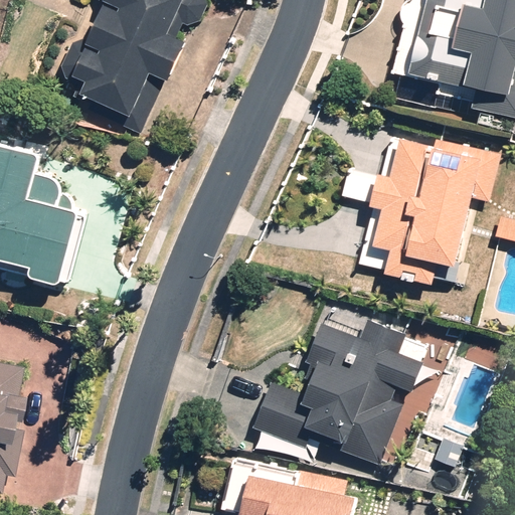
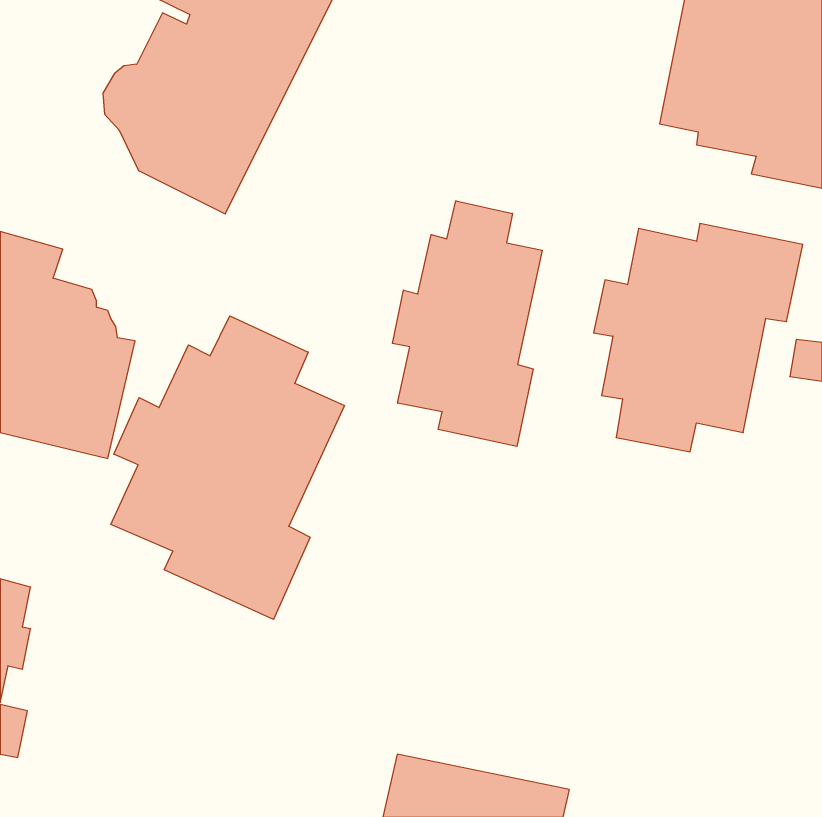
building: none -> [392,201,542,446]
building: none -> [111,316,344,619]
building: [249,317,425,466] -> none

